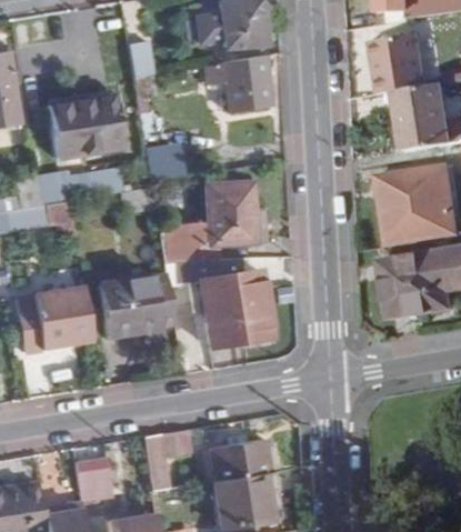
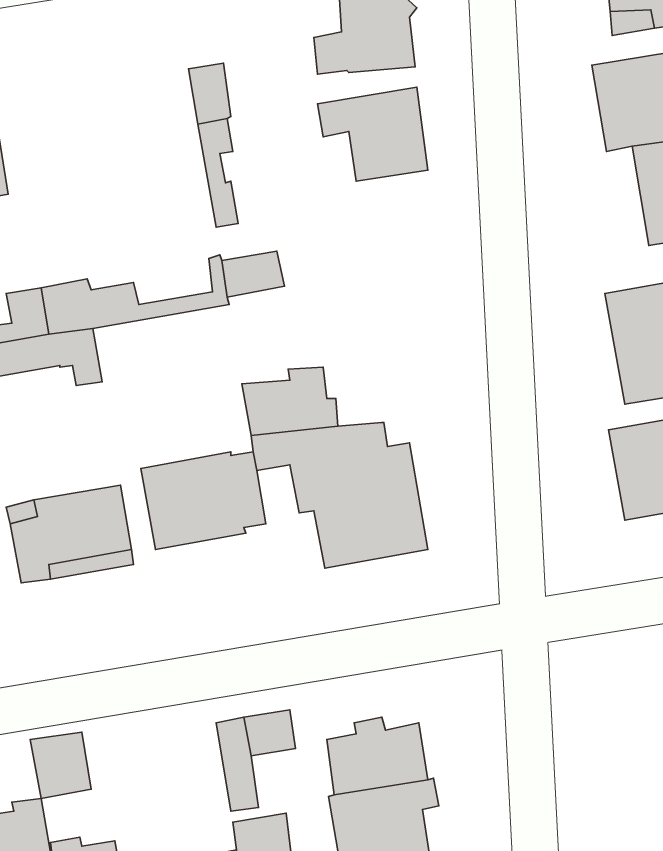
building: [50,94,119,155] -> none
building: [206,182,254,242] -> none
building: [74,459,111,499] -> [30,732,91,798]

